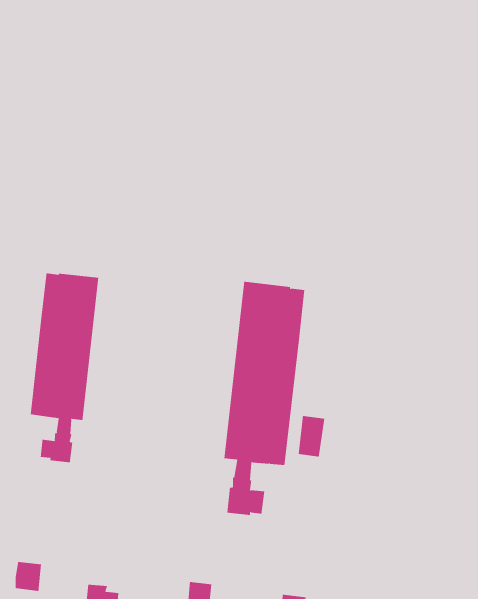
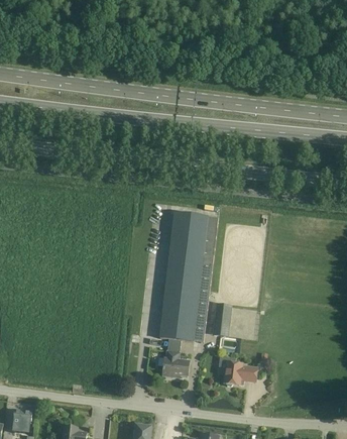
building: [30,273,99,463] -> none
building: none -> [217,355,257,385]

